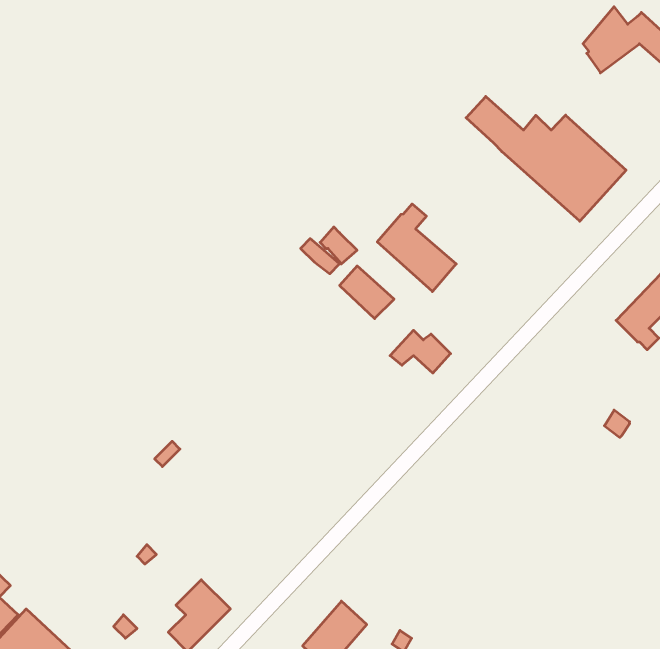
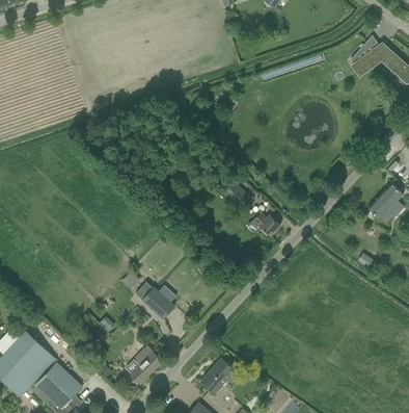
building: [466,96,626,221] -> none
building: [377,204,456,292] -> none
building: none -> [142,287,174,318]

